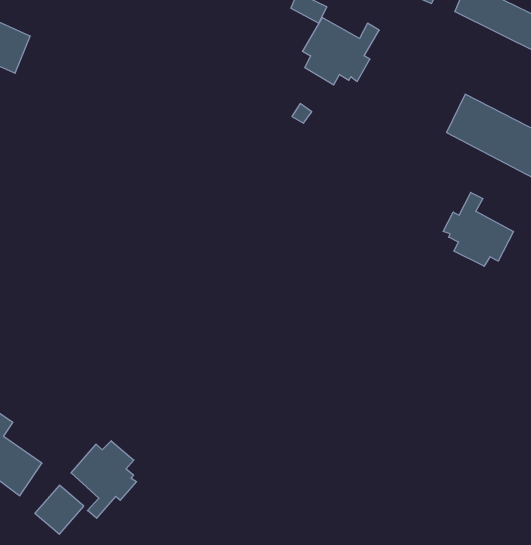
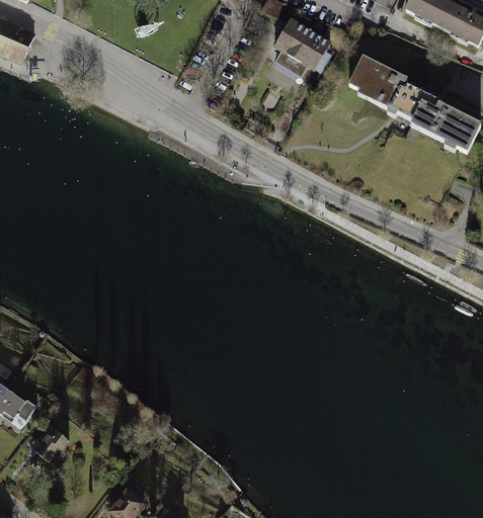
building: none -> [349,55,412,110]
building: [443,192,513,266] -> none
building: [71,441,137,518] -> none

